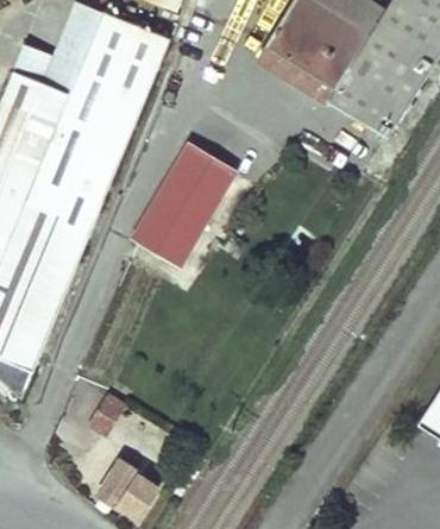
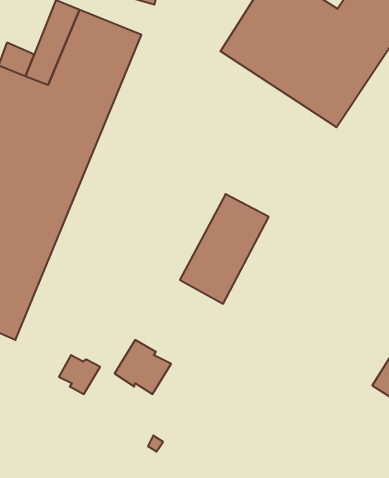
building: [131,152,228,272] -> [180,194,269,304]
building: [99,456,161,516] -> [115,340,171,394]

